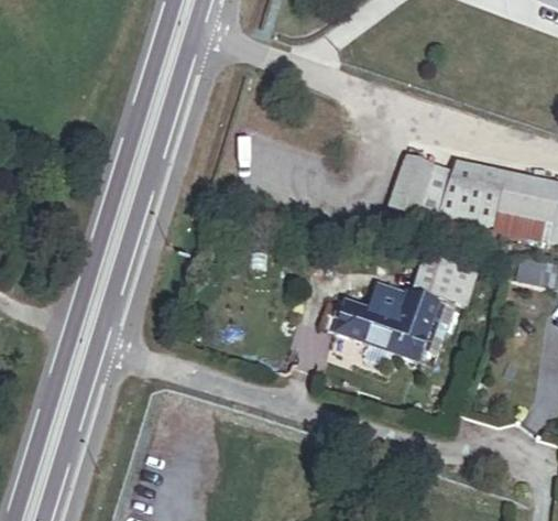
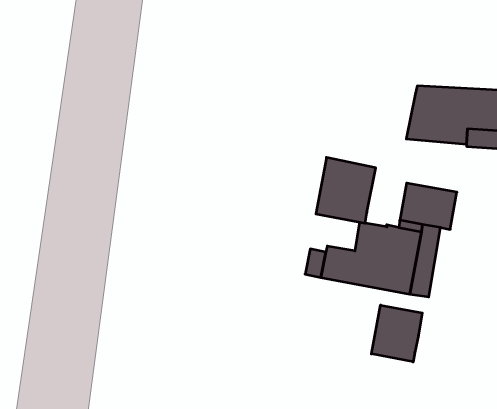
building: [387,152,451,220] -> [316,157,376,223]
building: none -> [371,305,422,362]

